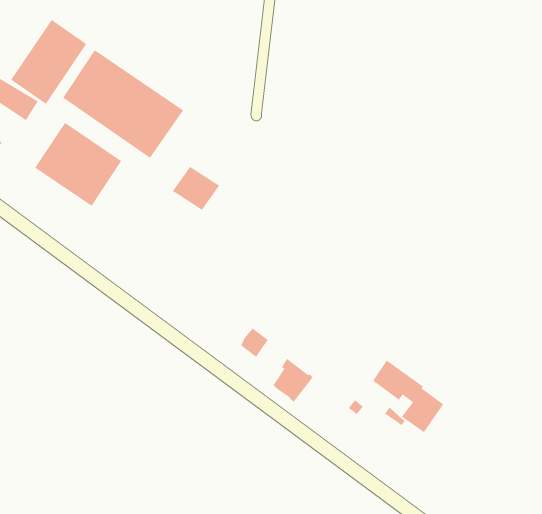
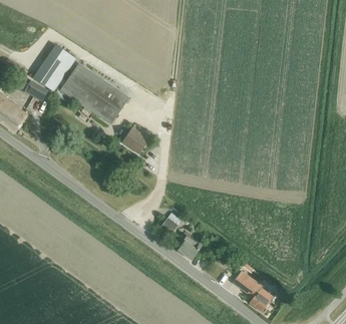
building: [34,122,122,207] -> none
building: [372,359,444,433] -> [233,270,273,311]

